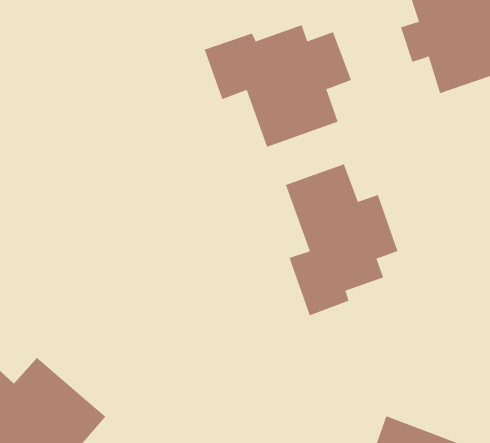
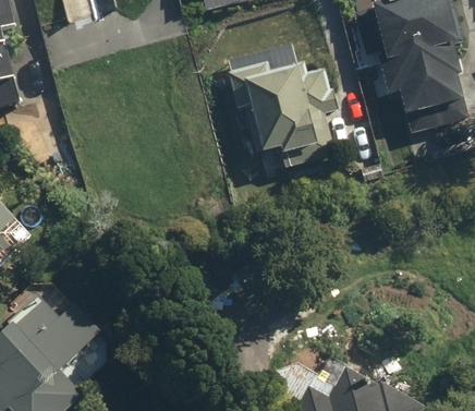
building: [285,164,398,316] -> none

